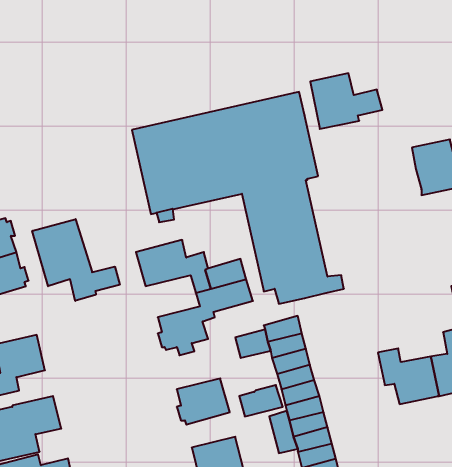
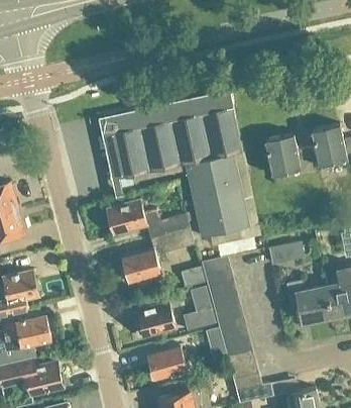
building: [310,73,382,129] -> [264,135,318,177]
building: [32,219,120,301] -> none
building: none -> [268,242,303,265]

